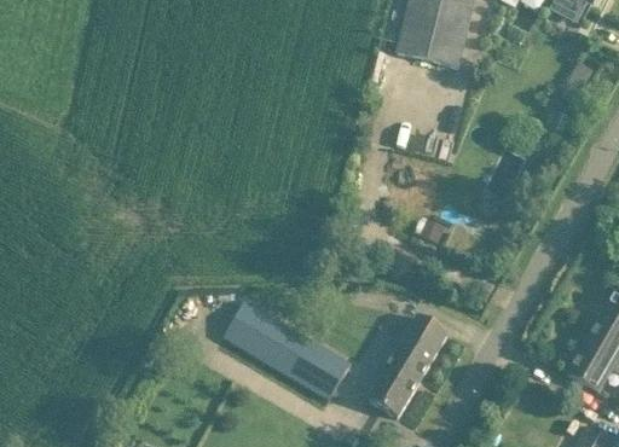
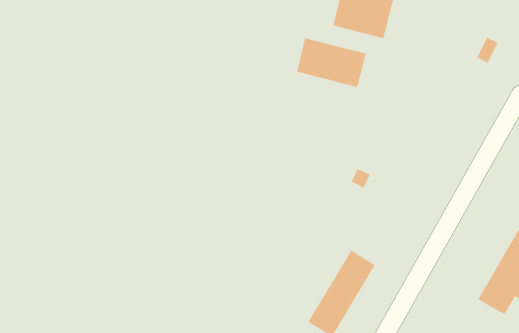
building: none -> [296,37,366,88]
building: [225,302,352,400] -> none

